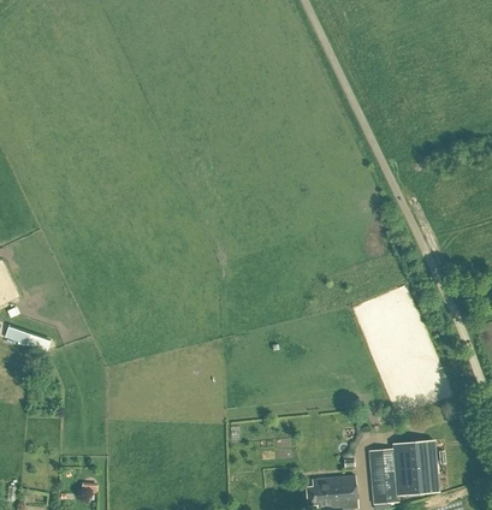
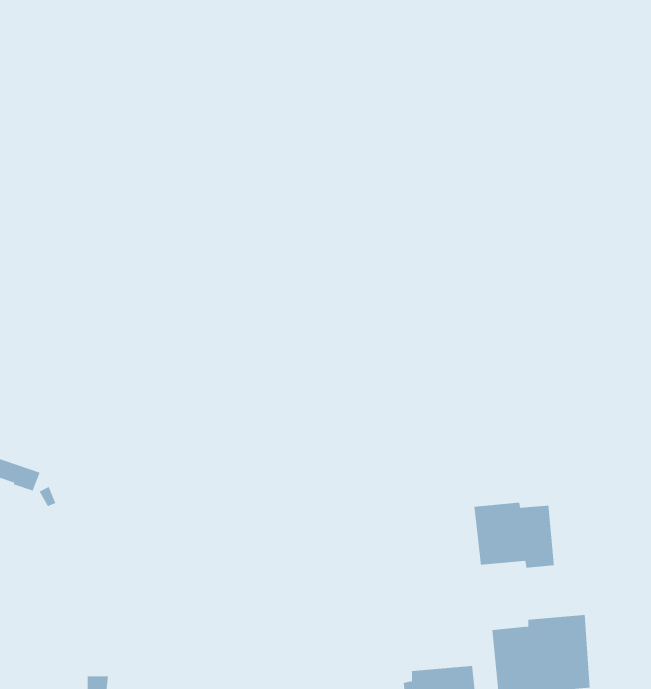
building: none -> [474,502,555,568]

